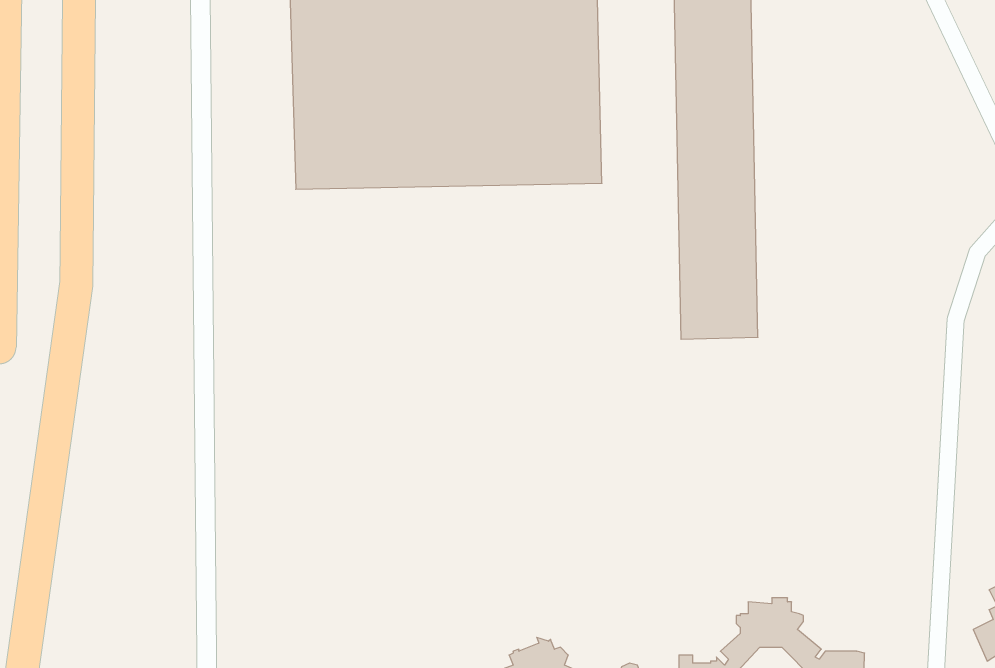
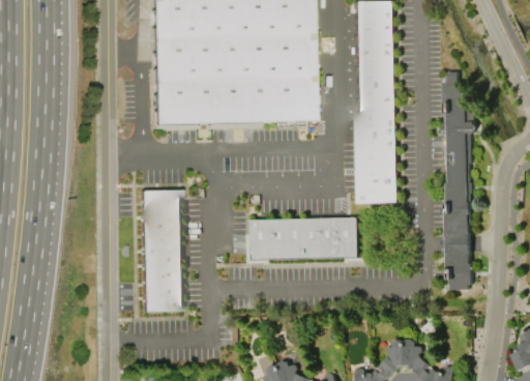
building: none -> [444,71,474,289]
building: none -> [140,189,182,312]
building: none -> [251,216,358,260]

